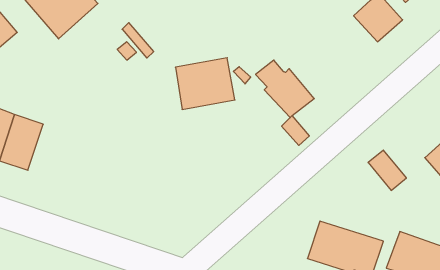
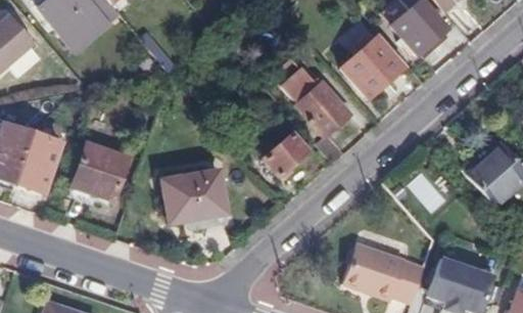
building: none -> [339,39,402,96]
building: [175,58,235,109] -> [161,170,225,225]
building: none -> [263,132,306,174]
building: none -> [69,142,124,196]

